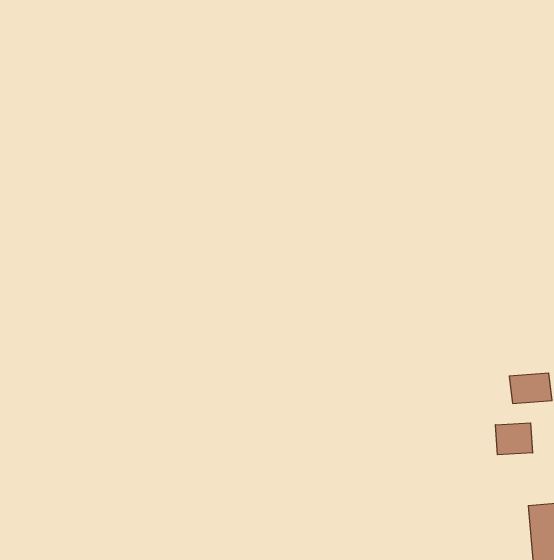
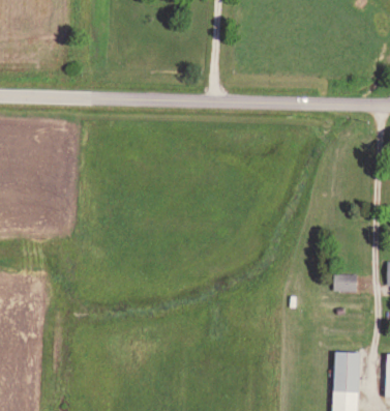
building: [495,423,533,455] -> none

